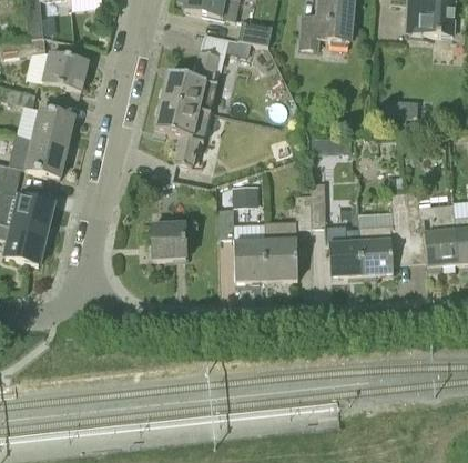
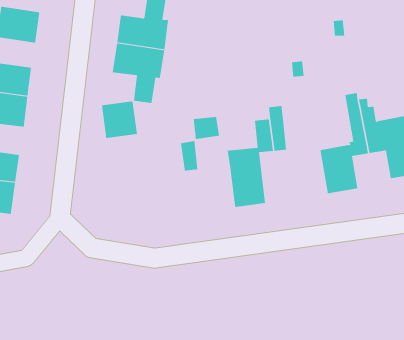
building: [152,223,186,259] -> [101,101,138,139]
building: [325,224,362,276] -> none
building: [234,238,266,279] -> none

